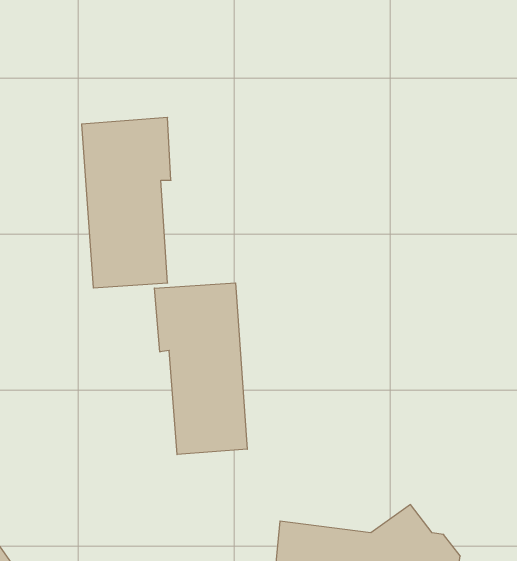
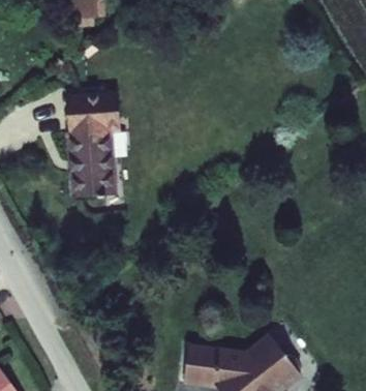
building: [154,283,247,455] -> none

